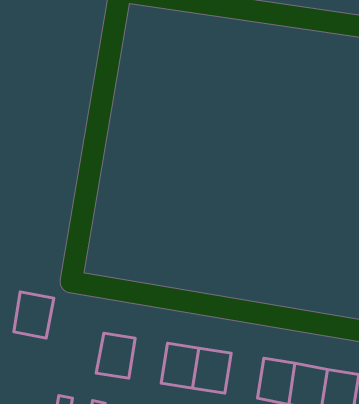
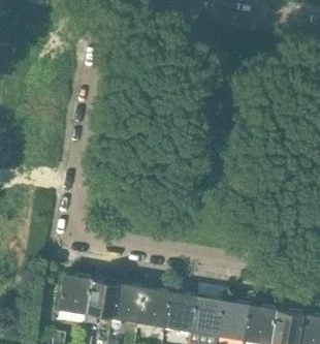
building: [14,292,54,338] -> [63,276,96,314]
building: none -> [117,285,149,322]
building: none -> [196,298,228,335]

